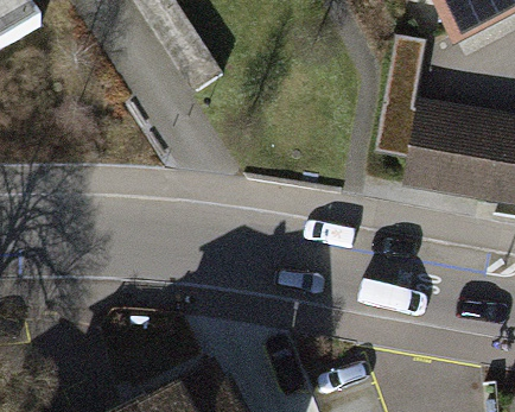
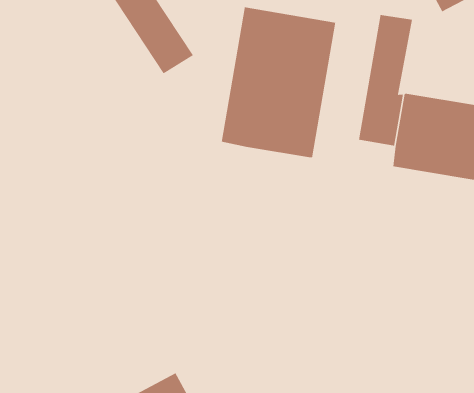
building: none -> [221,7,336,158]

